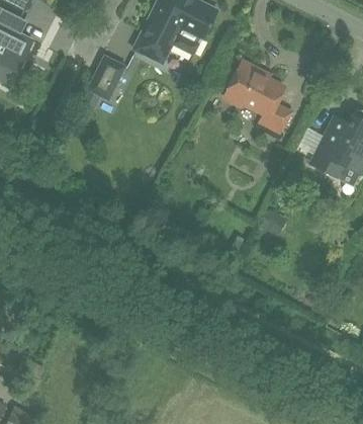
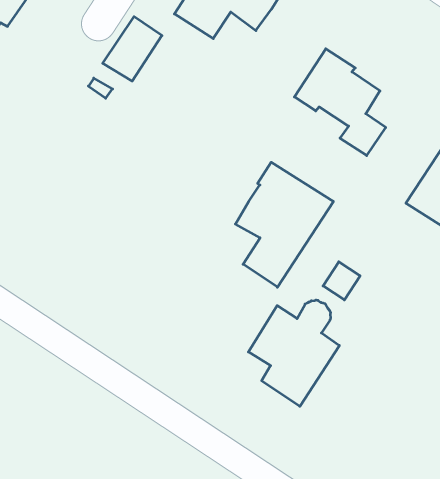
building: none -> [235,162,333,287]
building: none -> [248,300,339,406]

